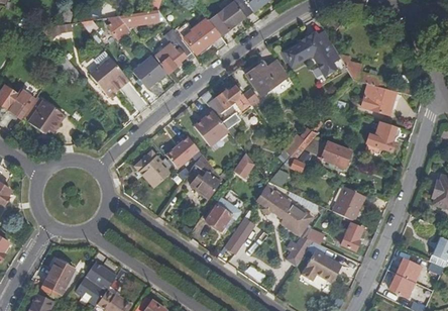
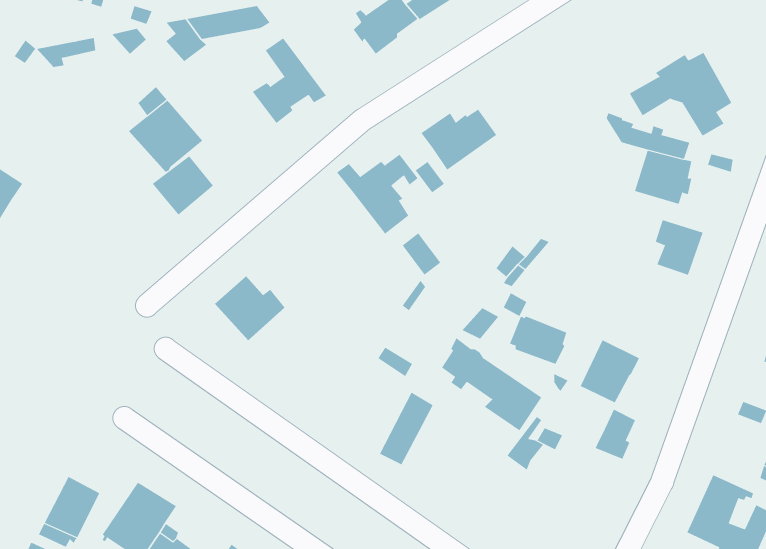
building: [185,18,220,50] -> none
building: [285,31,340,77] -> [629,52,732,137]
building: [132,56,165,88] -> [152,156,214,216]
building: [26,95,64,132] -> none
building: [195,108,227,144] -> none
building: [165,137,199,168] -> none
building: [318,142,349,169] -> [509,316,567,364]
building: [191,154,220,199] -> none
building: [207,199,240,231] -> none
building: [301,251,341,285] -> none

